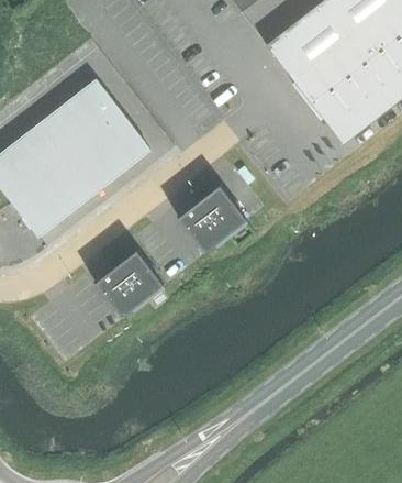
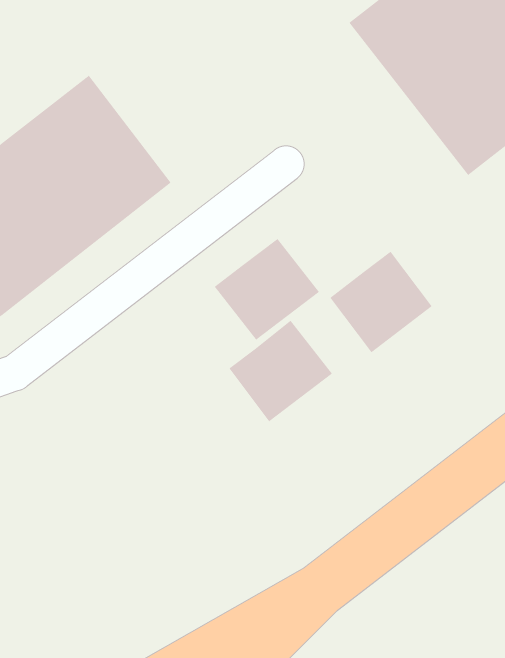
building: none -> [330,251,432,353]
building: [94,250,163,317] -> [228,320,333,422]

